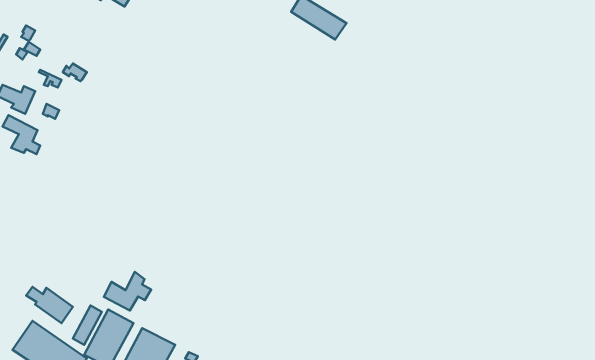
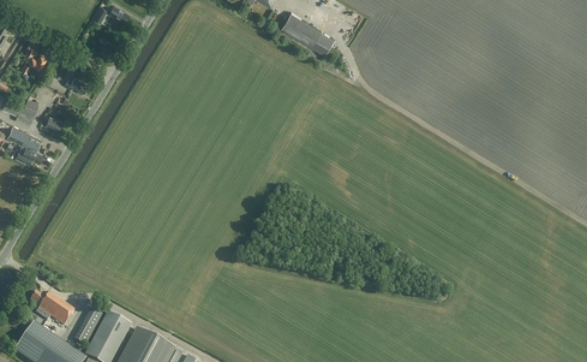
building: [104,272,151,311] -> none

